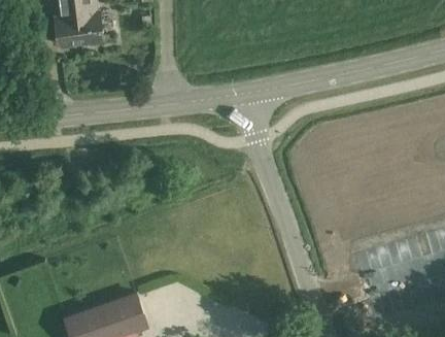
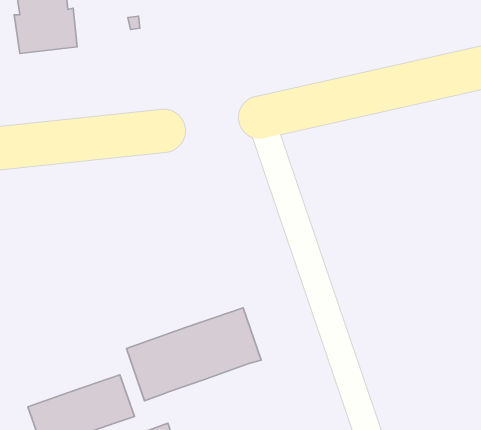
building: none -> [127,308,261,401]

